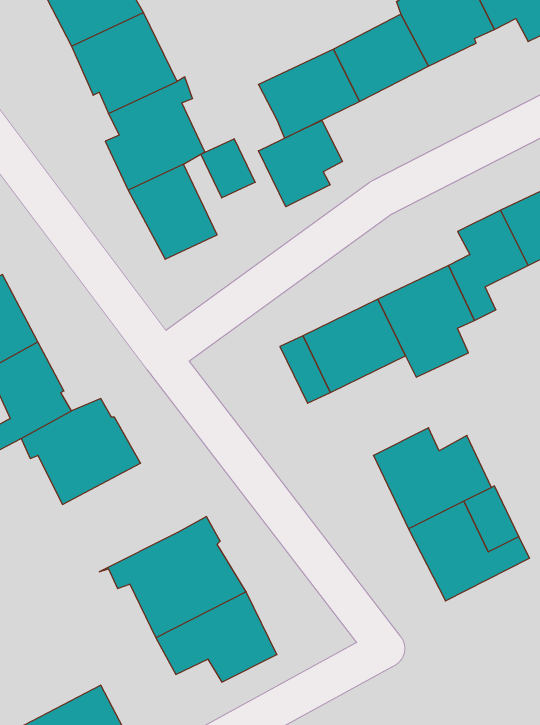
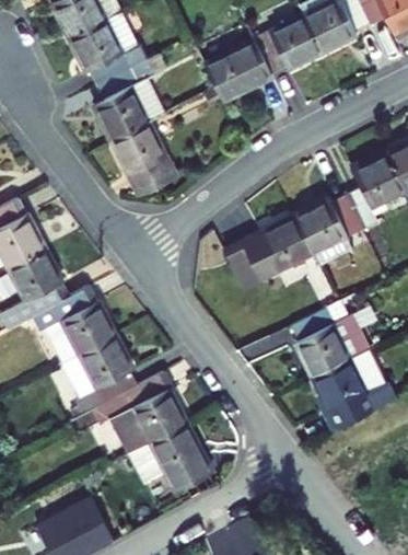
building: [258,120,342,207] -> none
building: [201,139,255,198] -> none
building: none -> [62,335,145,413]

